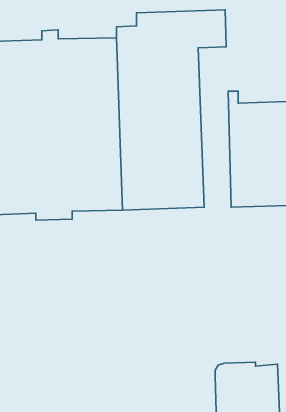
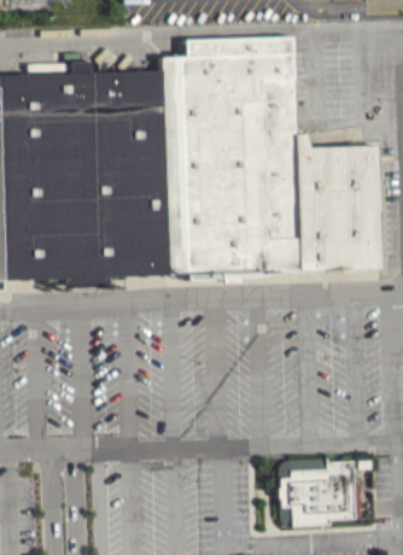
building: none -> [259,80,299,271]

